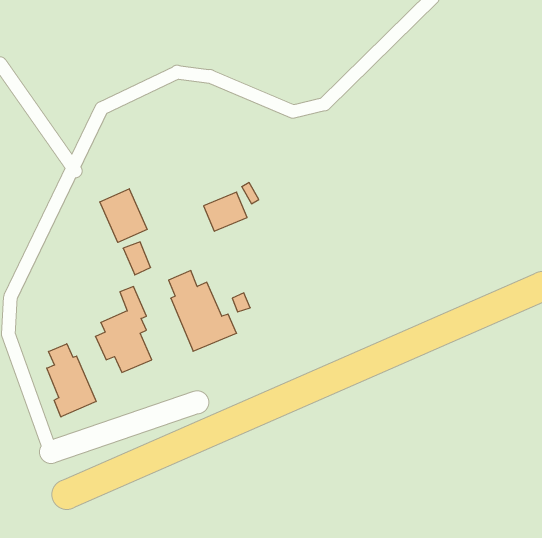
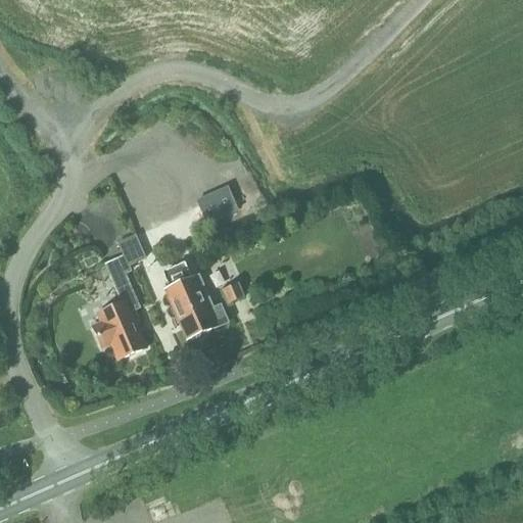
building: [100,189,147,242] -> none
building: [47,344,96,417] -> none

